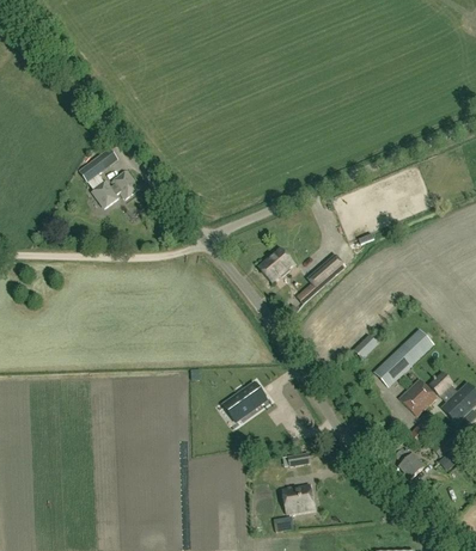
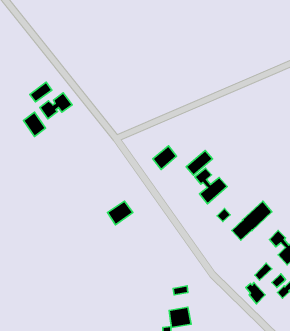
building: none -> [23,112,46,137]
building: none -> [195,168,227,204]
building: [399,379,437,416] -> none
building: [226,382,263,417] -> [108,201,133,225]

